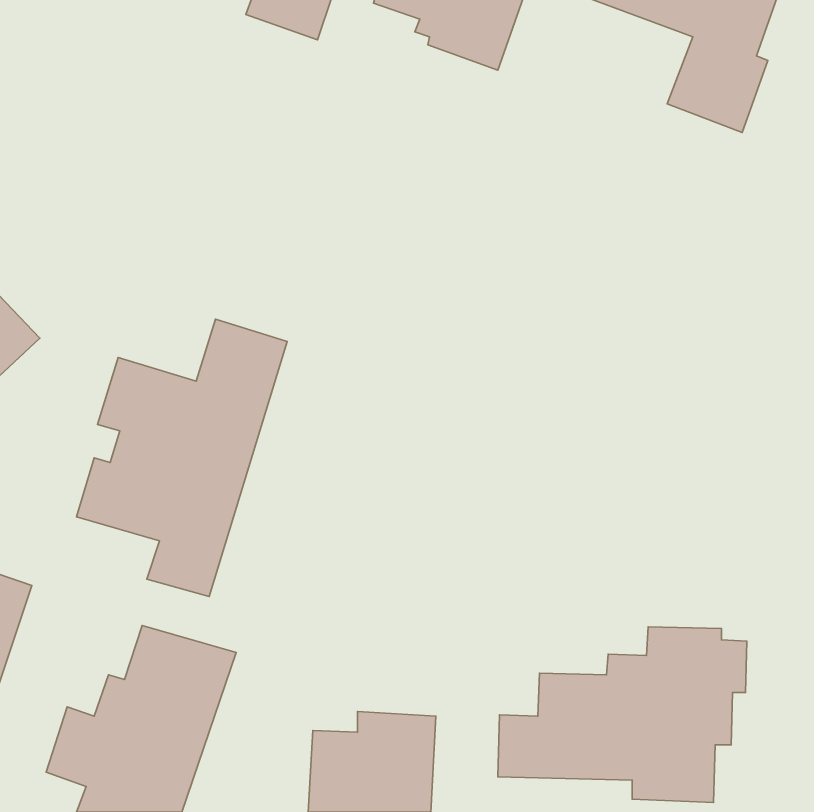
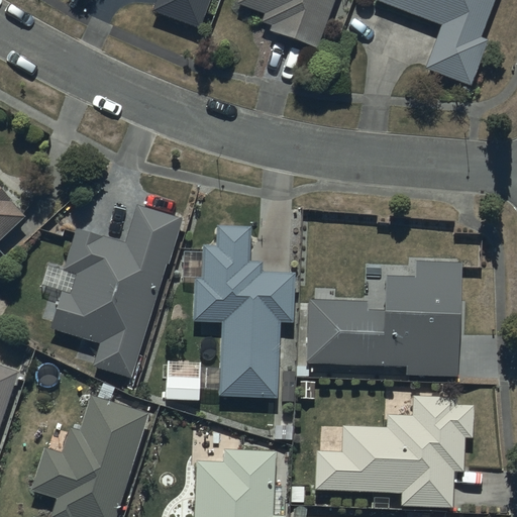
building: none -> [196,223,296,400]
building: none -> [306,260,460,377]

